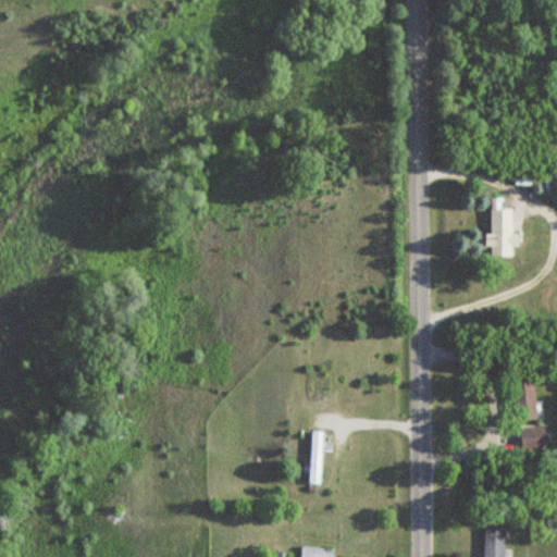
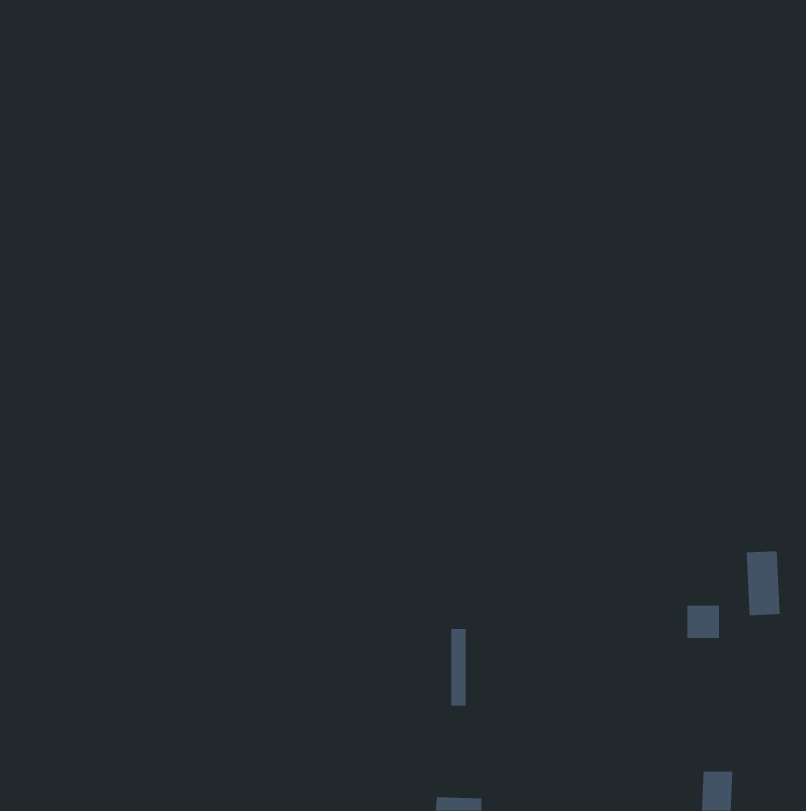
building: [494,208,520,255] -> none
building: [522,428,545,450] -> [687,605,720,639]

